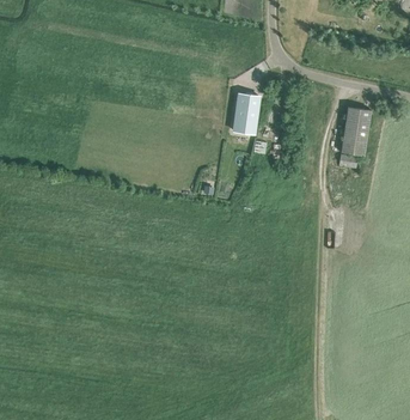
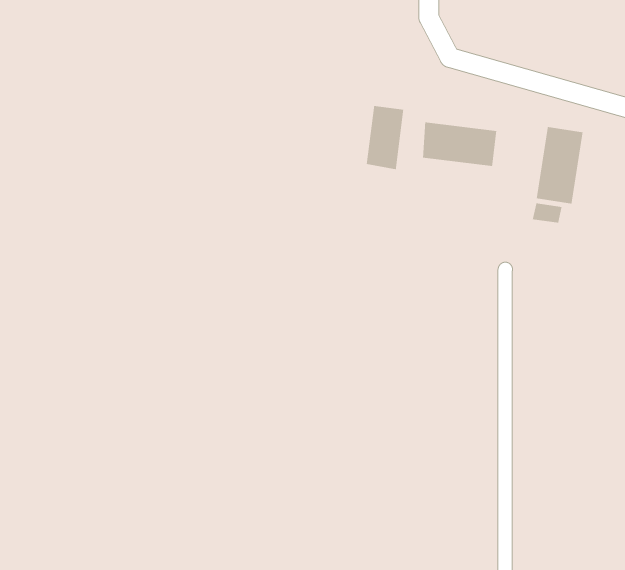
building: none -> [422,122,497,167]

